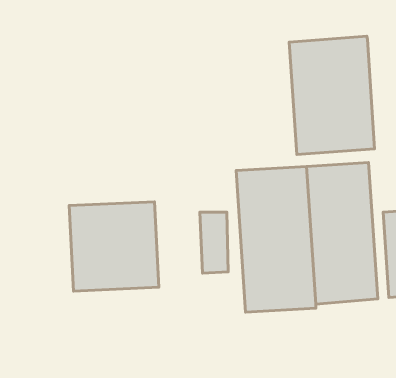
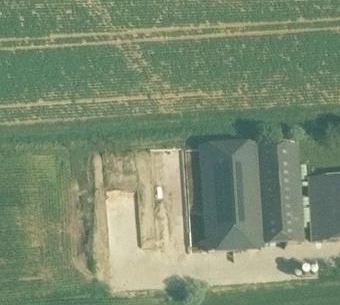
building: [289,36,375,155] -> none
building: [69,202,159,291] -> none

